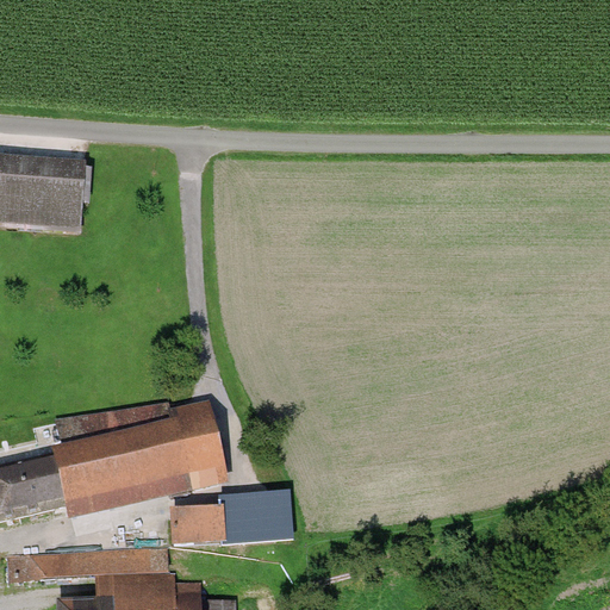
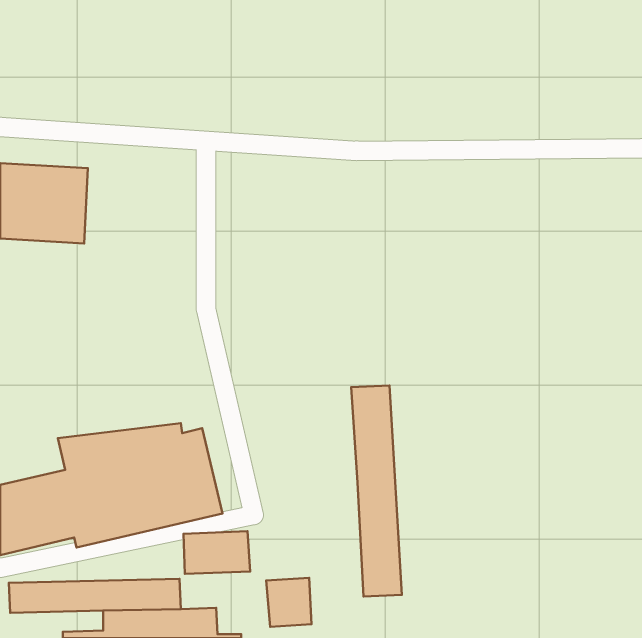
building: none -> [351,386,402,596]
building: [236,494,279,541] -> [266,578,312,627]

